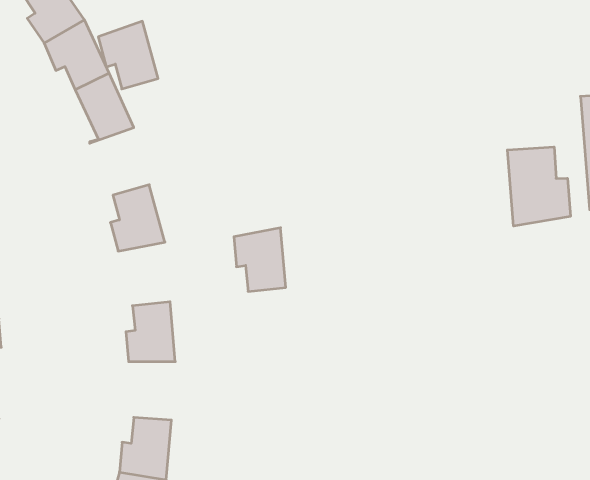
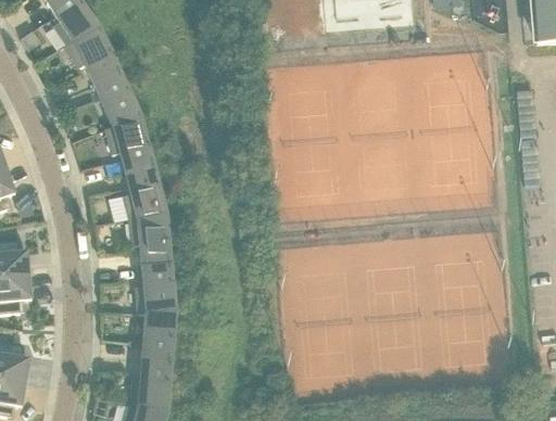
building: [98,21,158,89] -> [104,115,154,171]
building: [507,147,570,226] -> none
building: [234,228,286,291] -> [128,210,172,264]
building: none -> [137,310,176,359]

